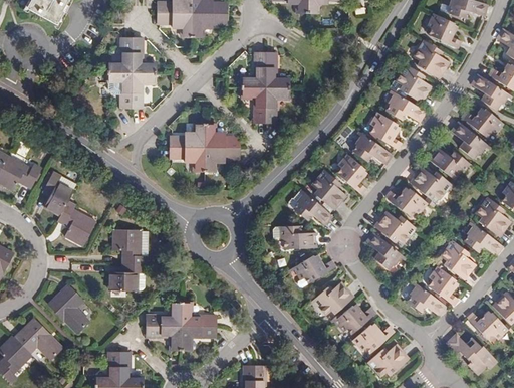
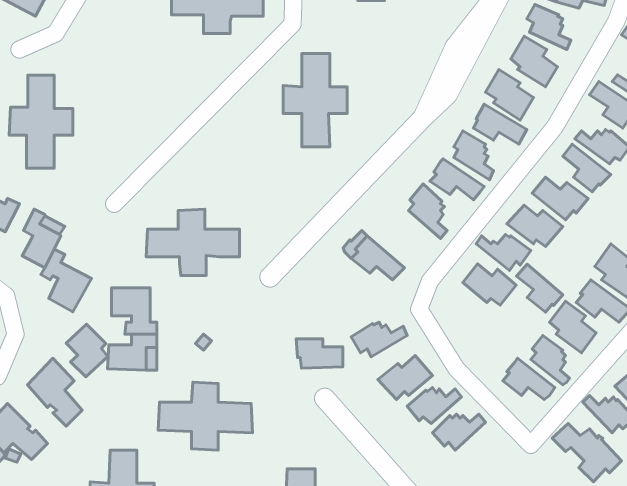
building: [106,38,155,109] -> [9,75,73,168]
building: [169,122,239,172] -> [146,209,239,276]
building: [310,168,345,208] -> none
building: [279,225,314,247] -> [296,339,343,368]
building: [366,232,402,268] -> [516,264,563,312]
building: none -> [66,324,108,377]
building: [366,342,409,375] -> none

